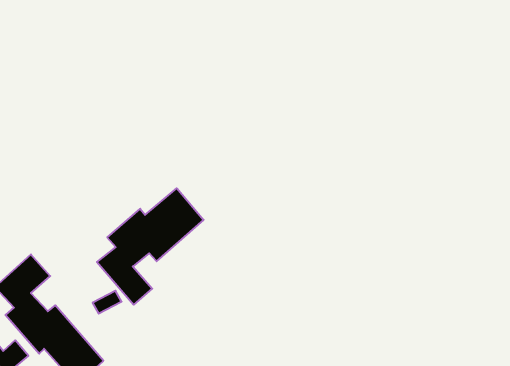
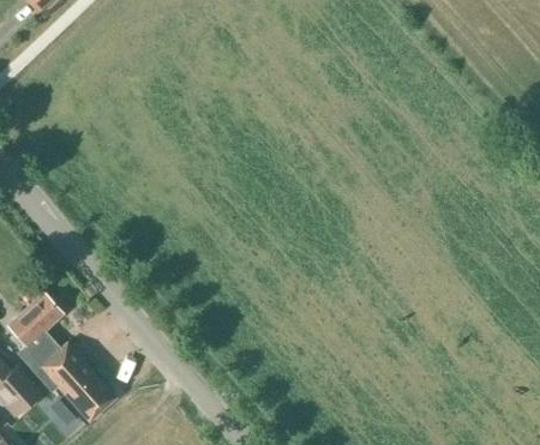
building: [97,188,204,305] -> none

